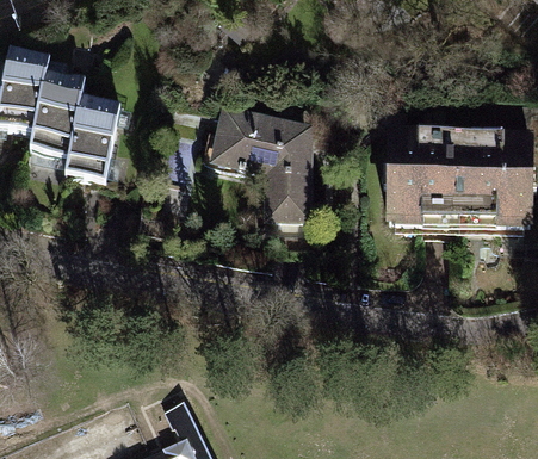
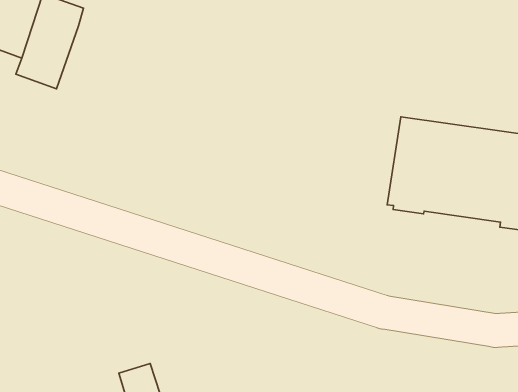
building: [68,99,120,182] -> none
building: [205,117,308,221] -> none

